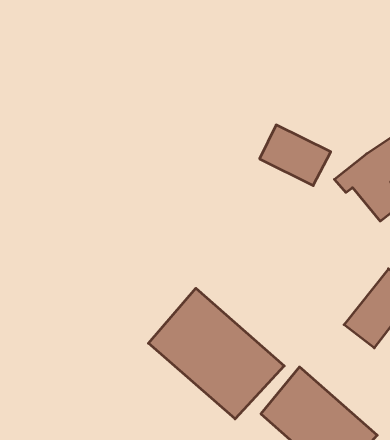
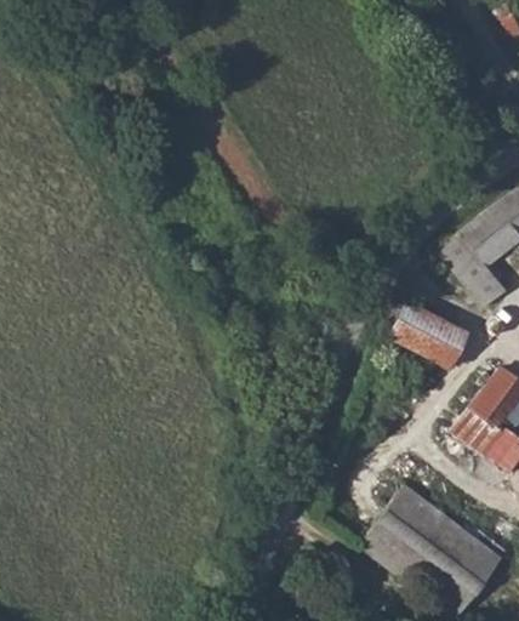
building: [260,125,331,186] -> [388,298,472,368]
building: [148,288,284,419] -> none

